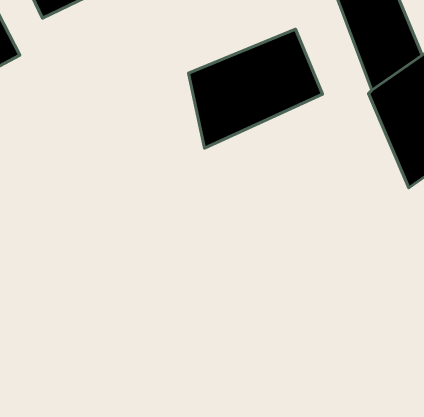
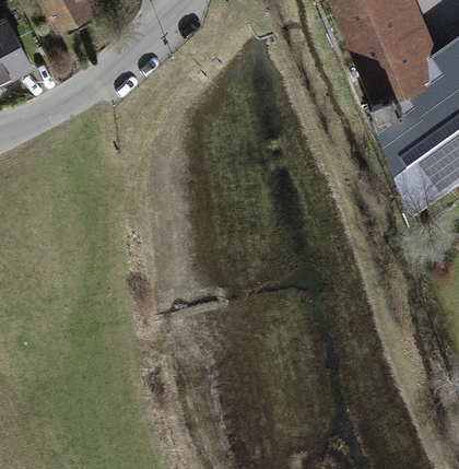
building: [189,29,322,148] -> none

